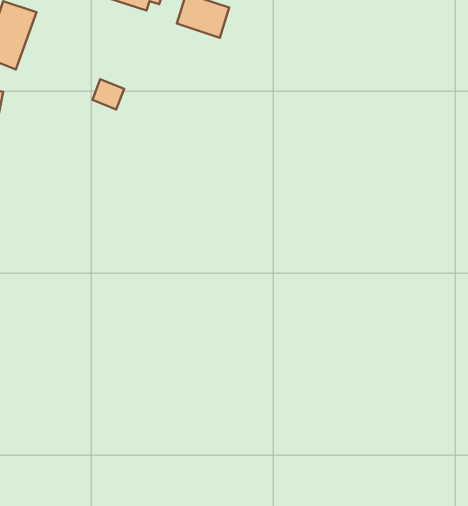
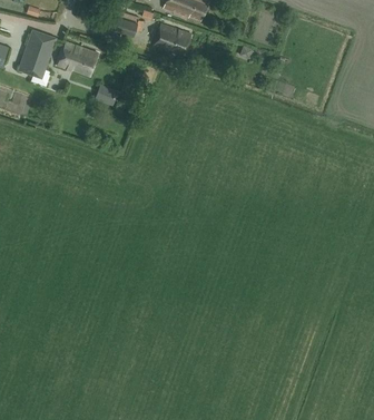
building: none -> [57,41,98,76]

